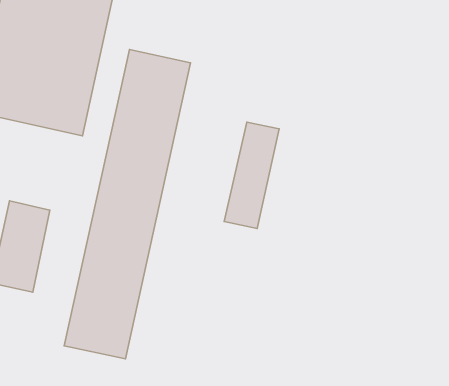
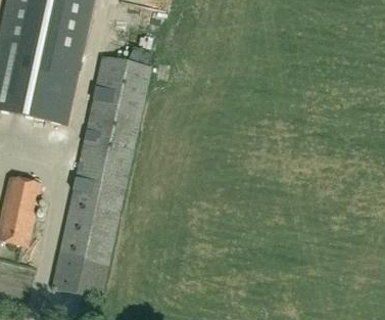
building: [224,122,279,229] -> none

